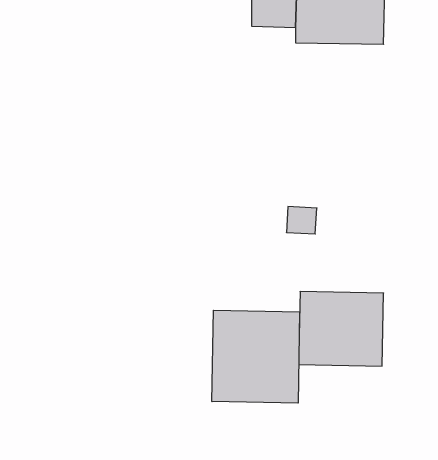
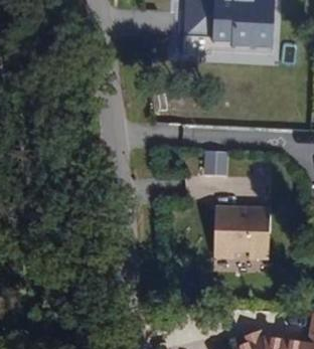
building: [212,310,299,403] -> none

